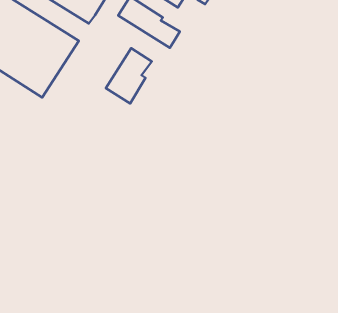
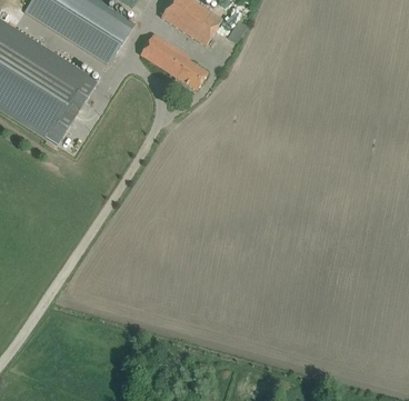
building: [106,48,152,104] -> none

